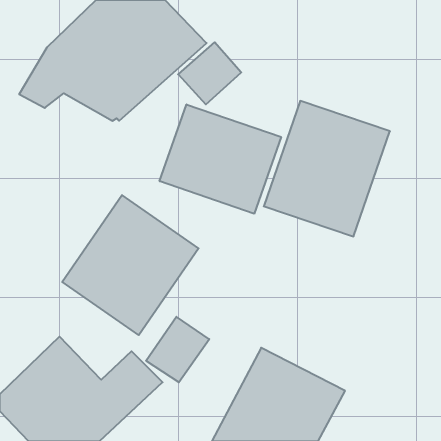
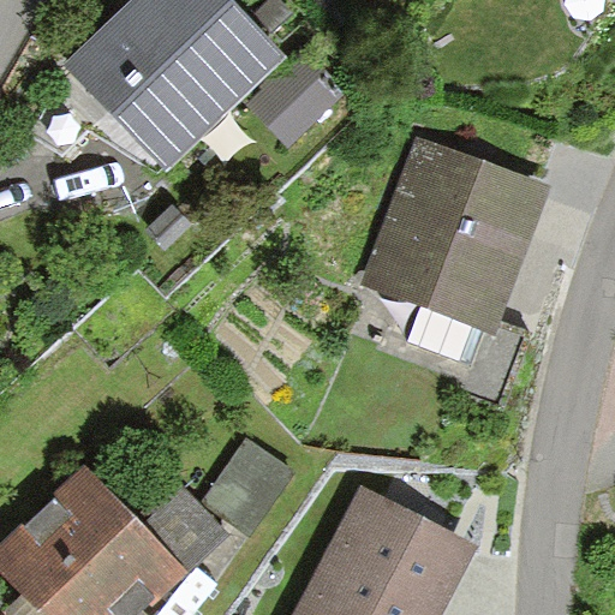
building: [160,104,281,214] -> none
building: [62,195,199,335] -> none

